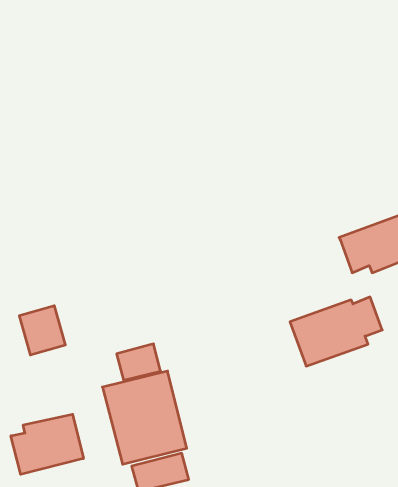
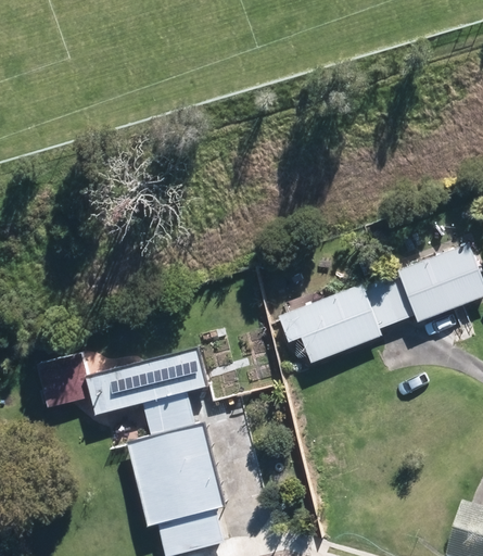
building: [290,297,382,366] -> [295,283,395,358]
building: none -> [88,350,205,415]
building: [11,414,83,474] -> none

